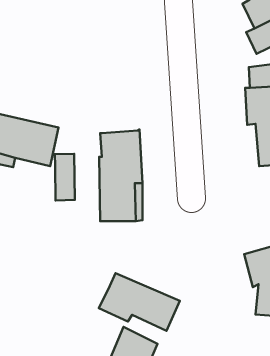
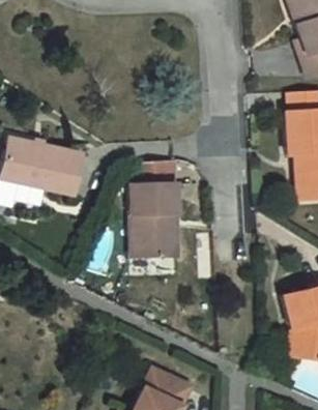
building: [55,154,75,200] -> none
building: [99,273,180,331] -> none

